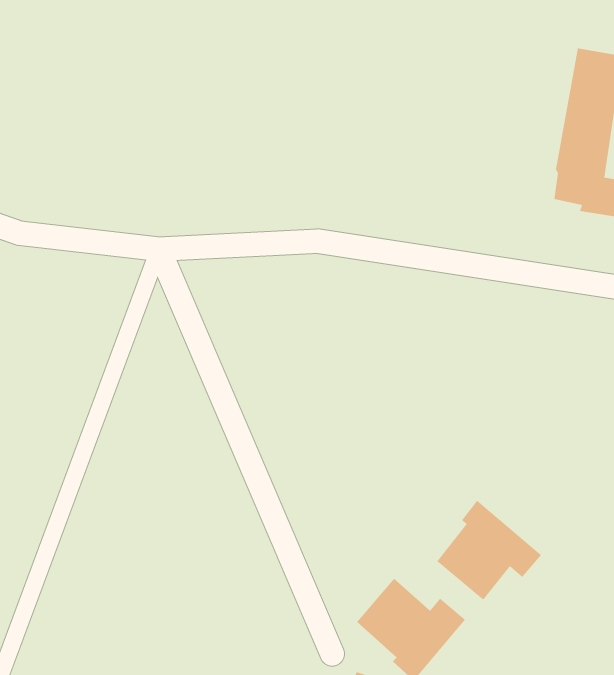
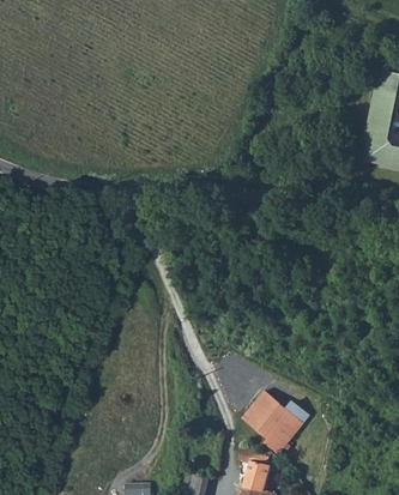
building: [436,500,542,600] -> none

